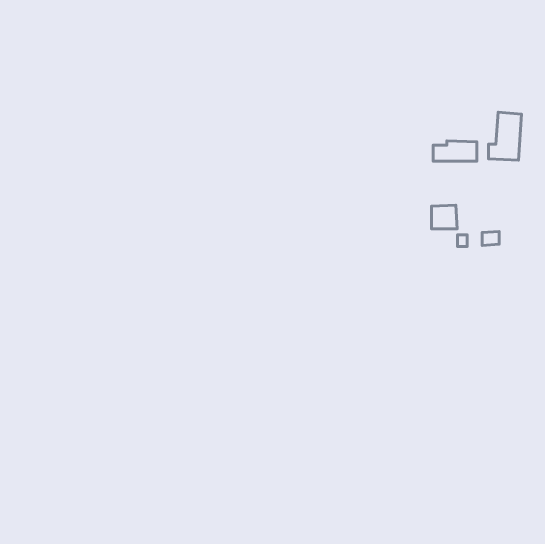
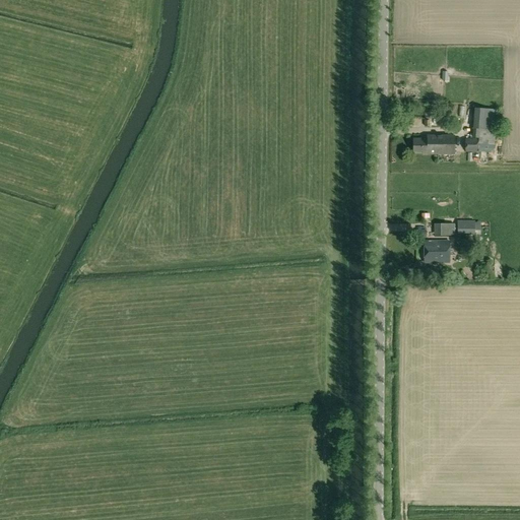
building: [431,205,457,229] -> [425,240,449,262]

